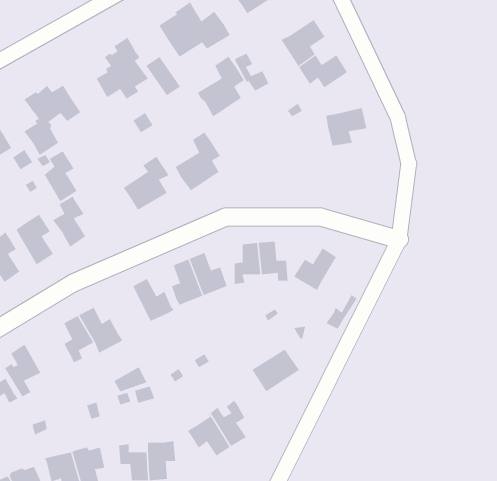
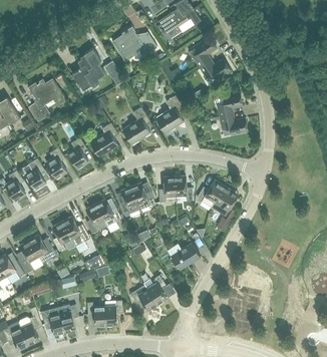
building: [197,56,245,117] -> [154,95,185,133]
building: none -> [220,114,247,134]
building: [44,151,78,202] -> [67,137,88,169]
building: none -> [211,186,233,216]
building: none -> [85,204,106,234]
building: none -> [28,235,56,263]

